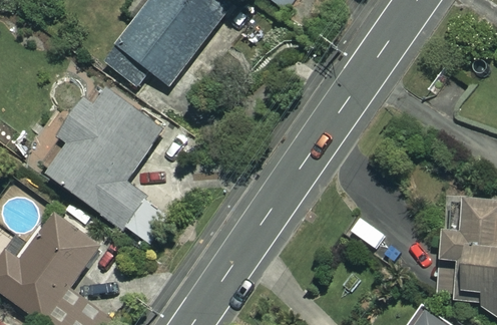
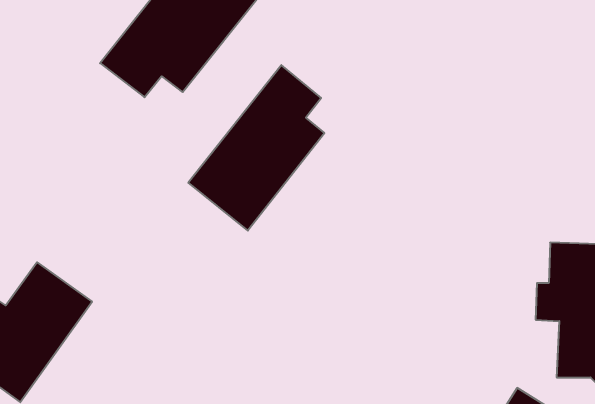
building: none -> [188,65,324,231]
building: [49,89,163,230] -> none

